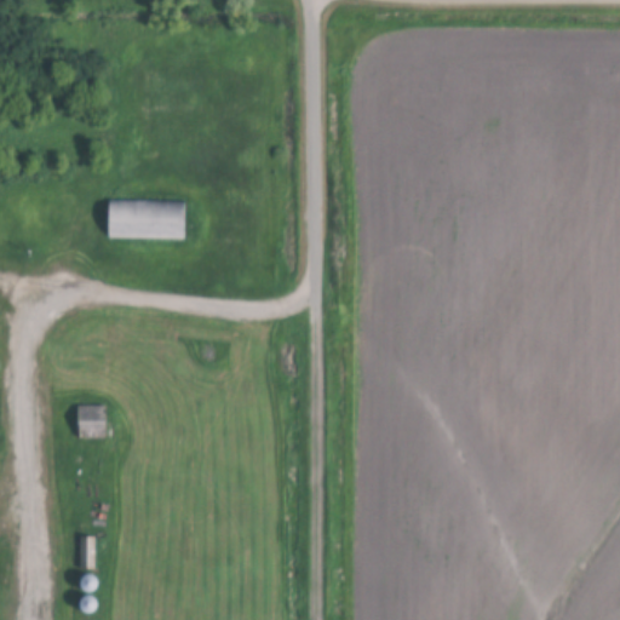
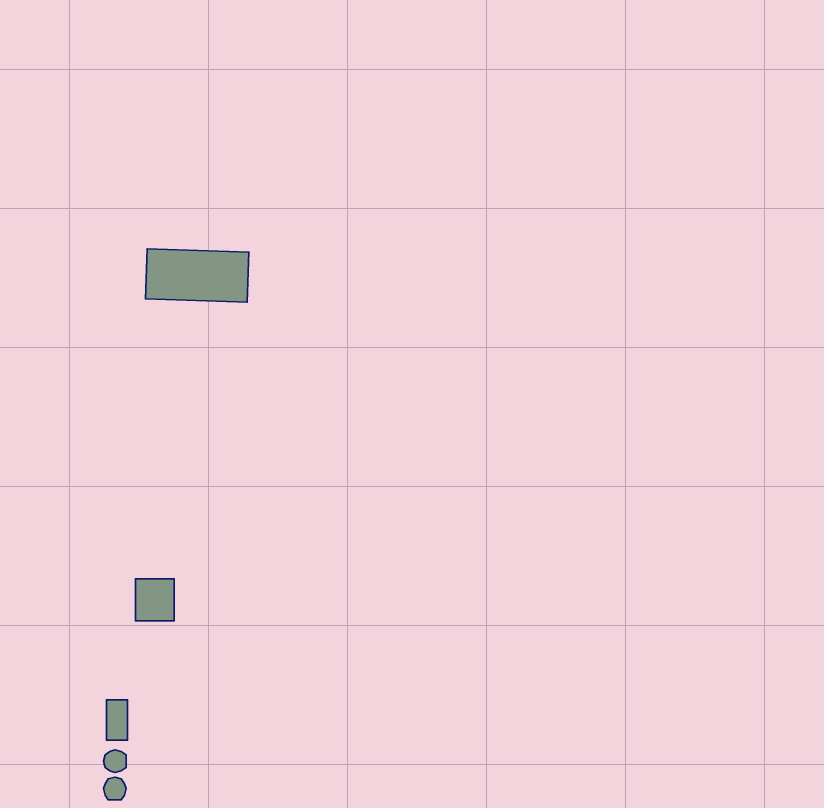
building: [78,406,107,437] -> [135,579,174,621]

